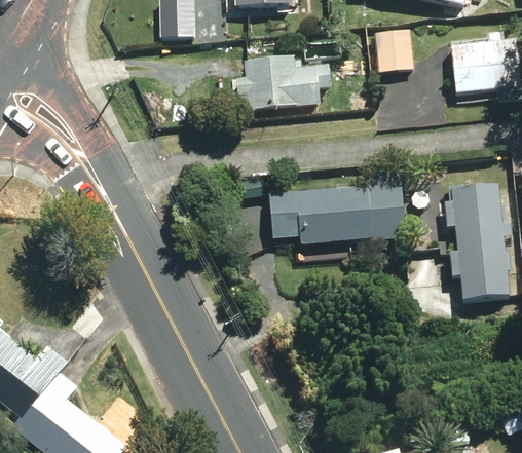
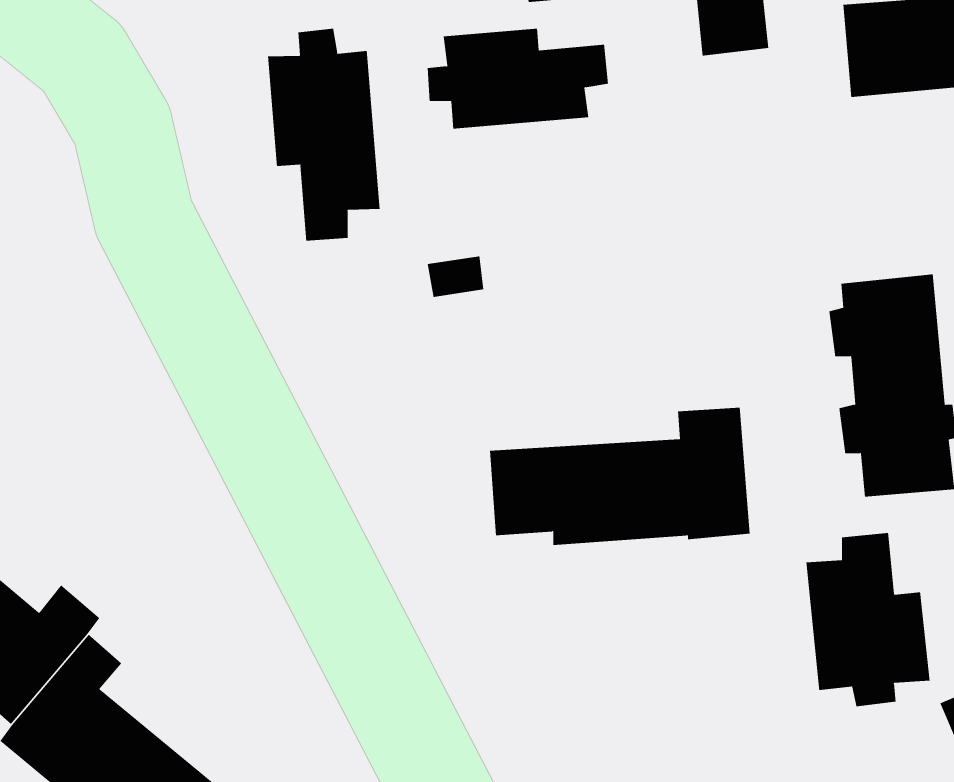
building: none -> [267,28,380,241]
building: [268,171,404,242] -> [489,407,750,546]
building: none -> [806,532,930,707]

